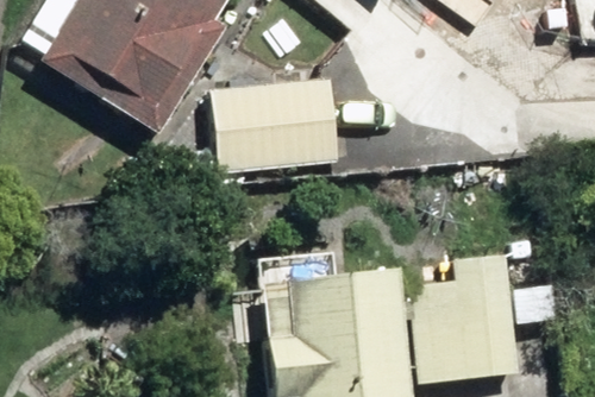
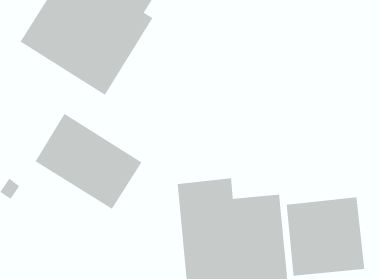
building: [208,77,337,174] -> none
building: none -> [35,113,142,210]

